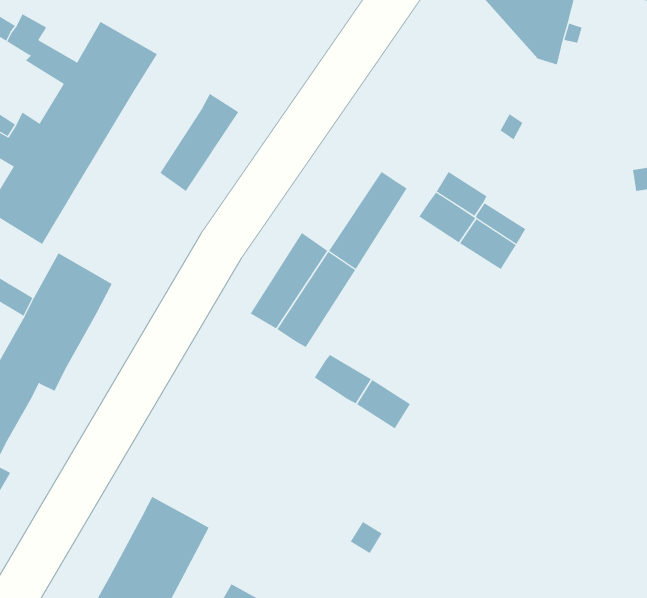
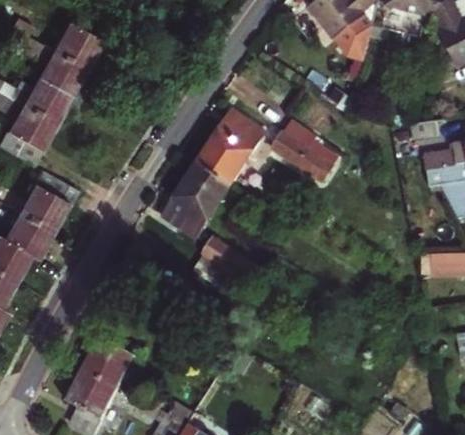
building: [160,93,239,192] -> [196,112,247,175]

